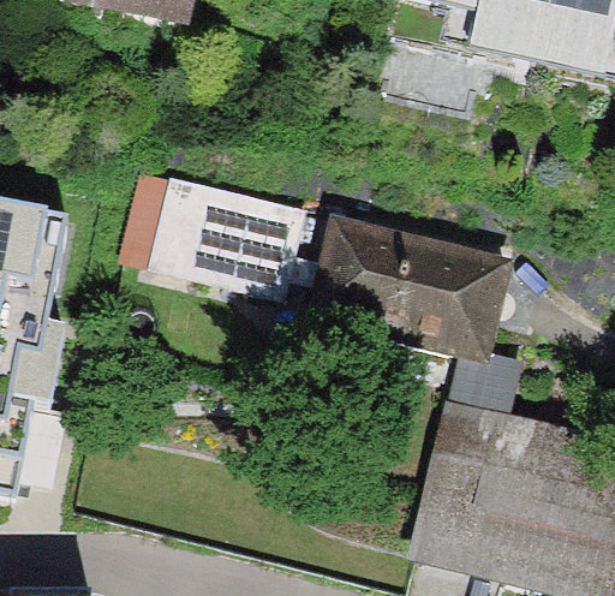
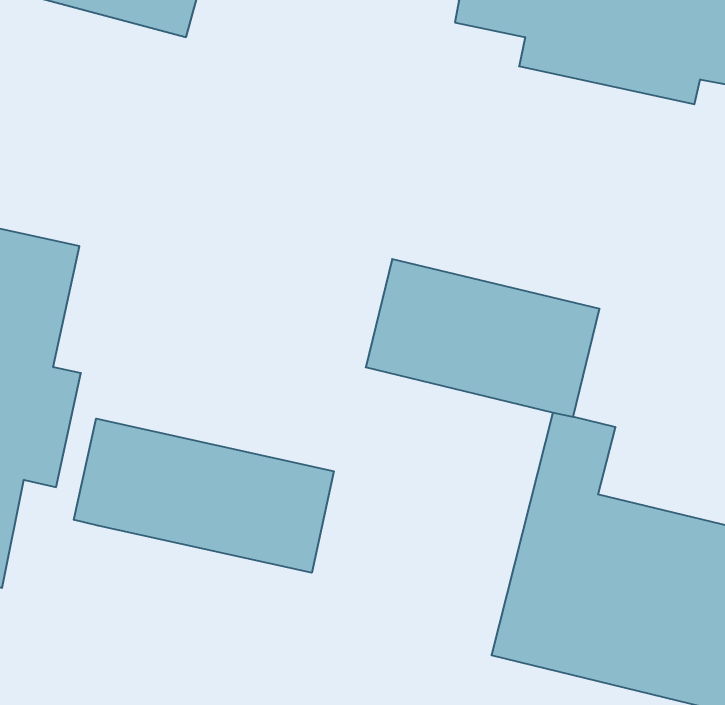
building: [119,161,316,303] -> none
building: none -> [74,419,334,573]

